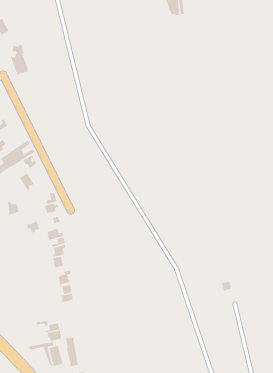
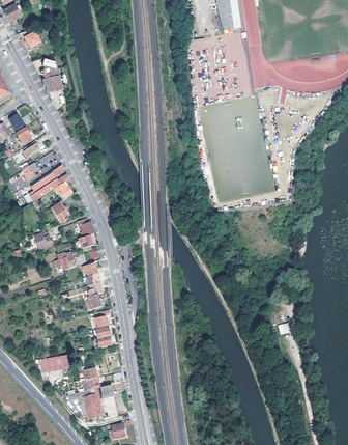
building: none -> [34,354,68,372]

